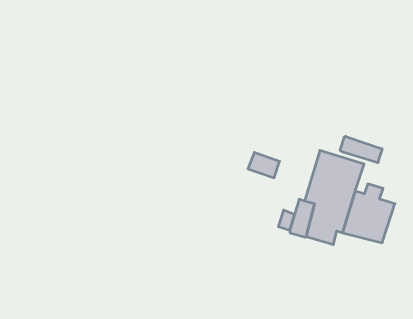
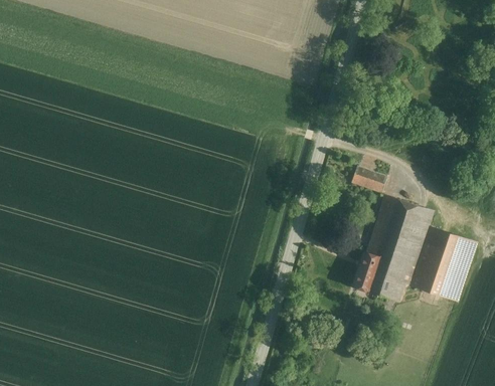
building: [340,136,382,163] -> none
building: [248,152,280,178] -> [350,164,385,192]

